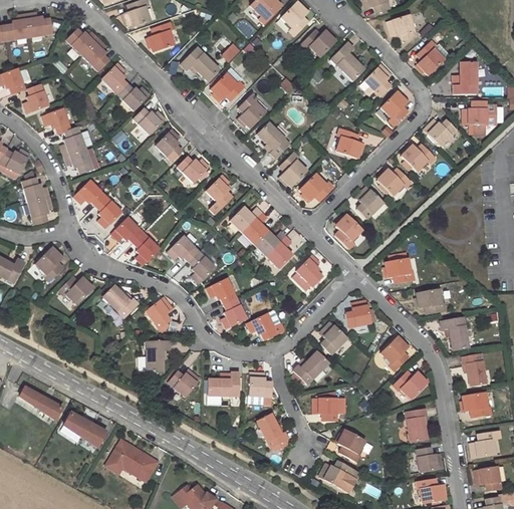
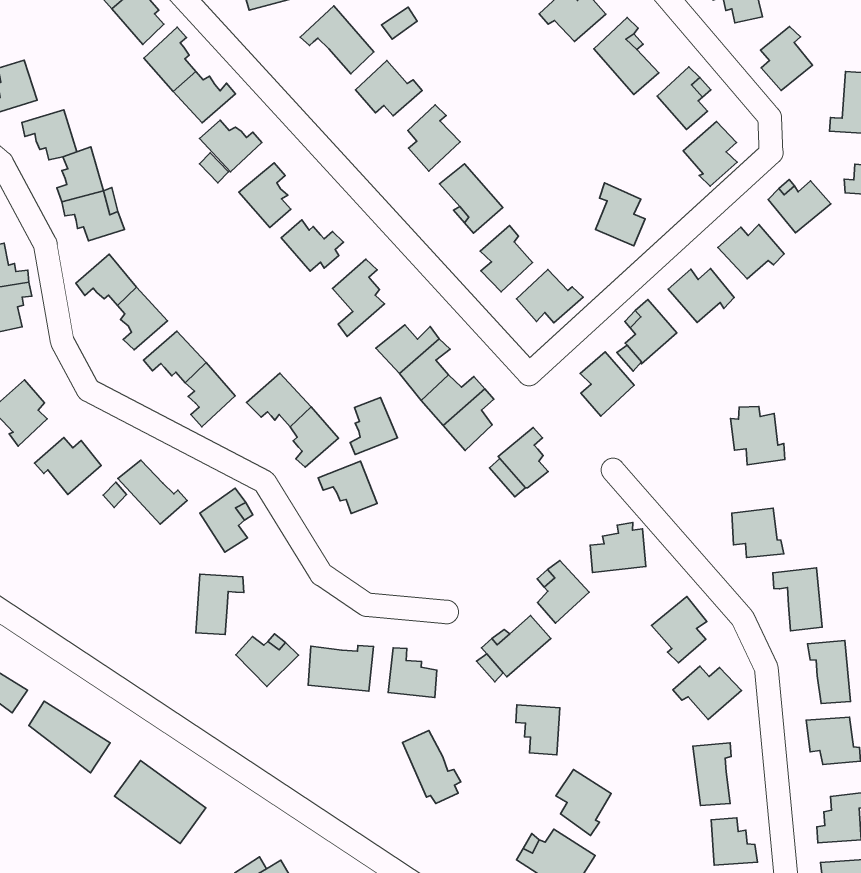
building: [386,254,415,284] -> [731,407,785,465]
building: [222,299,246,329] -> [350,397,397,455]
building: [246,310,285,340] -> none

